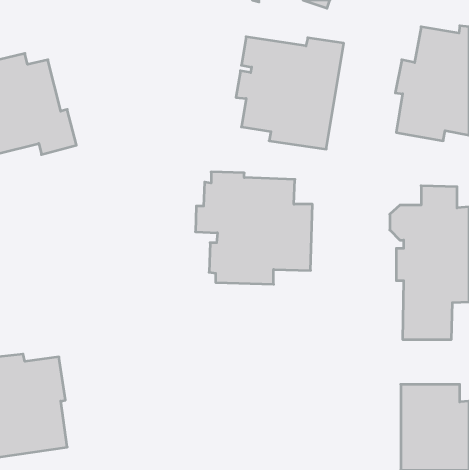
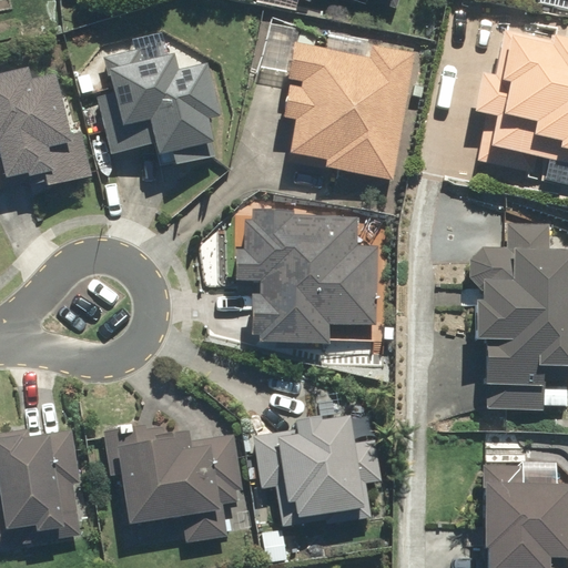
building: none -> [97,49,223,169]
building: none -> [254,408,382,531]
building: none -> [102,424,243,542]

